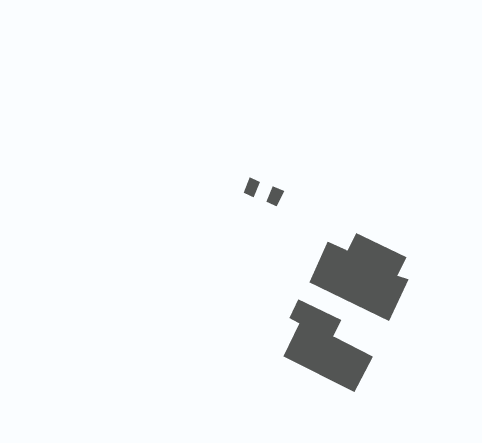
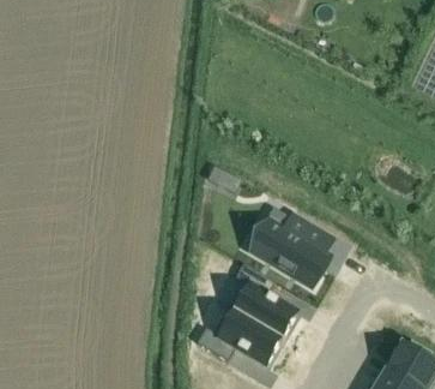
building: none -> [197,306,280,365]

